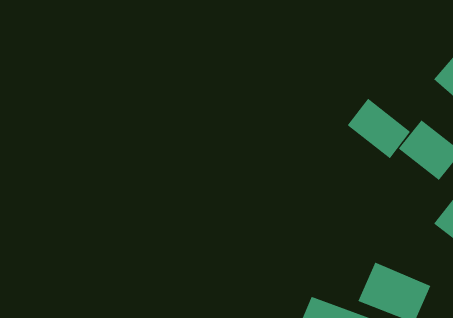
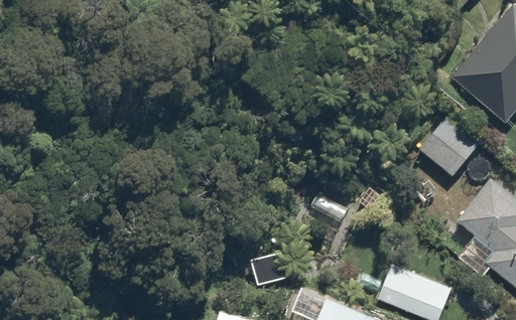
building: [347,98,411,159] -> none

